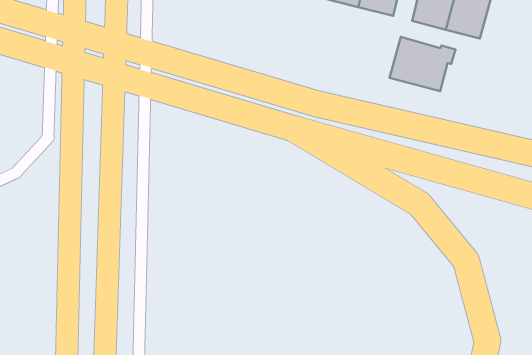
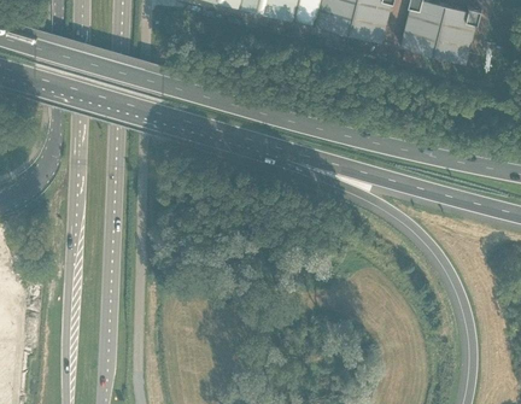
building: [390,37,456,91] -> none

